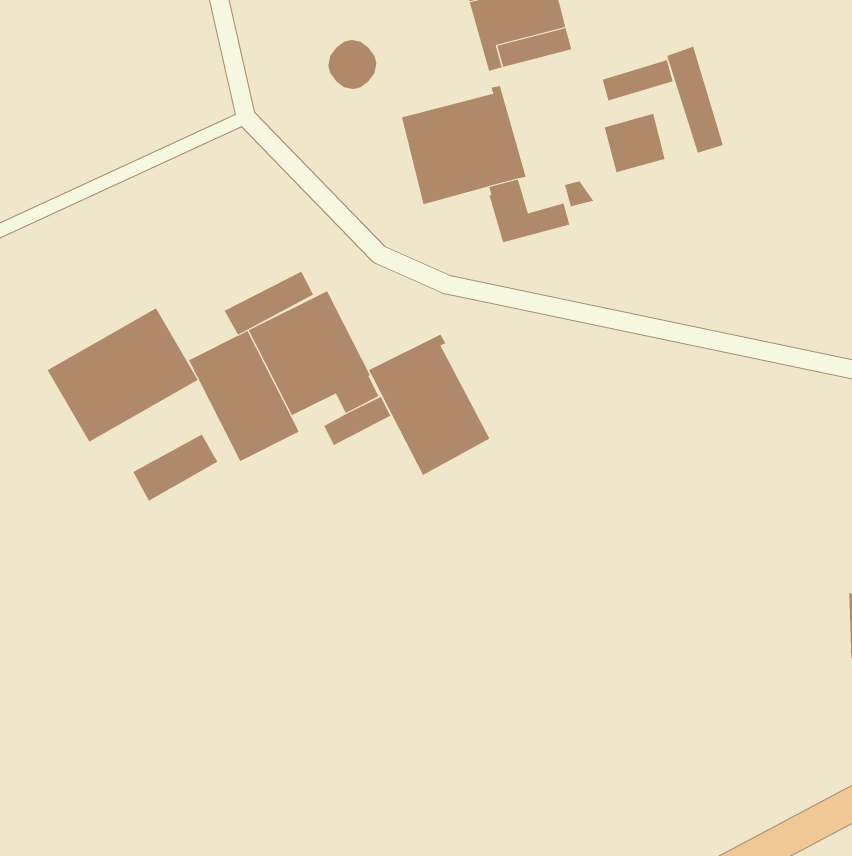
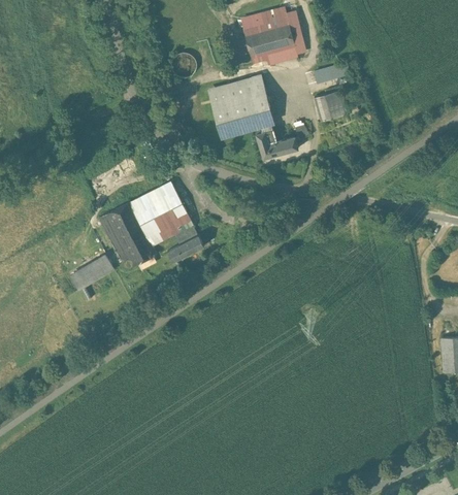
building: [666,46,724,153] -> none
building: [224,271,314,335] -> none
building: [47,307,198,443] -> none
building: [368,334,490,476] -> none

